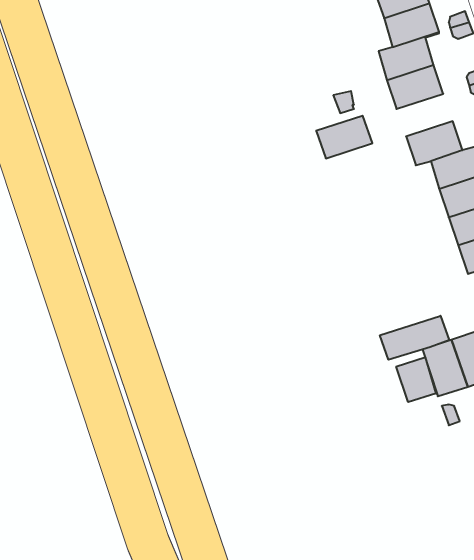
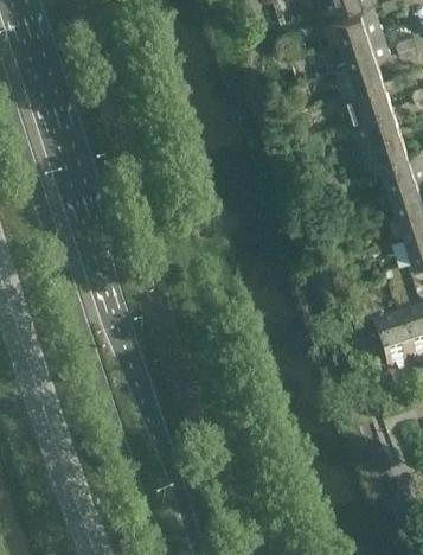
building: [316,116,372,158] -> [346,100,395,136]
building: [380,316,449,360] -> none
building: [396,357,436,402] -> none

